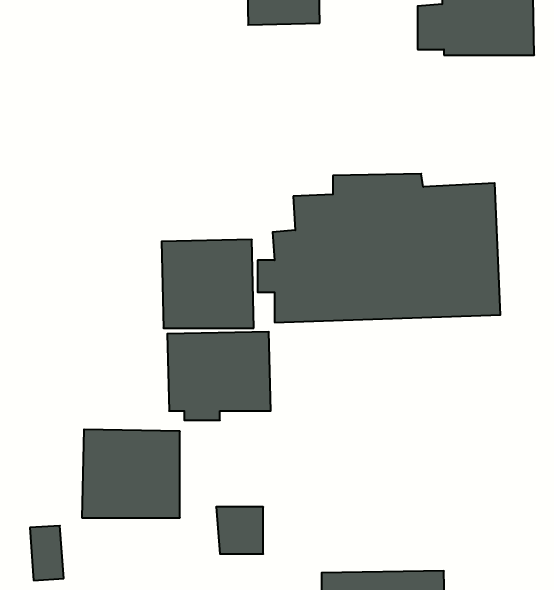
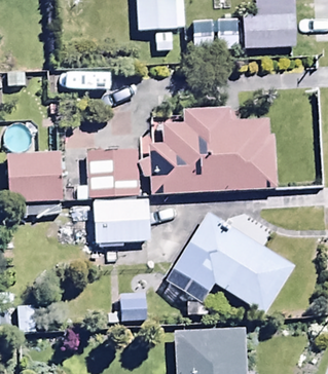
building: none -> [173,213,295,315]
building: [82,429,180,518] -> [9,153,63,201]

